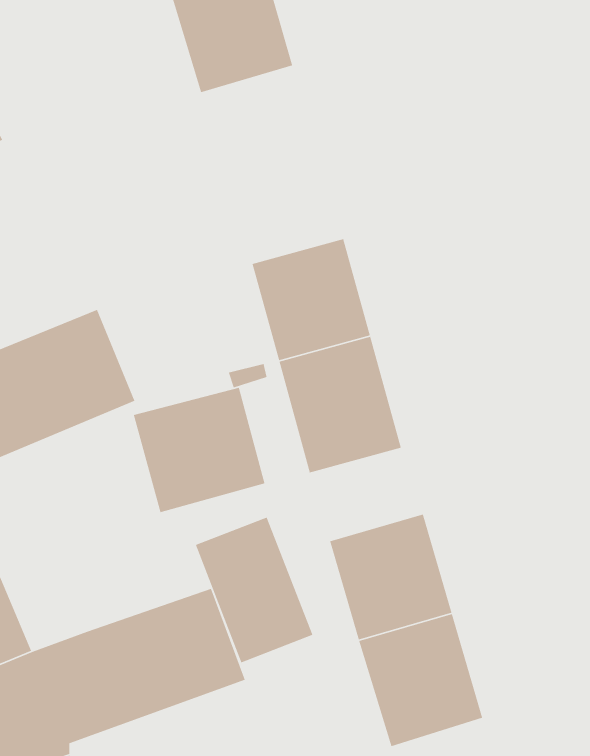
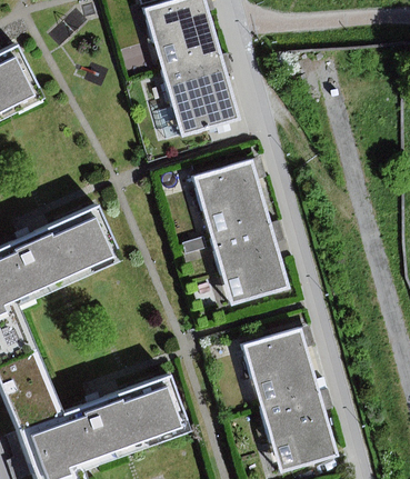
building: none -> [162,53,238,134]
building: [133,387,266,513] -> none
building: [195,516,313,663] -> none

